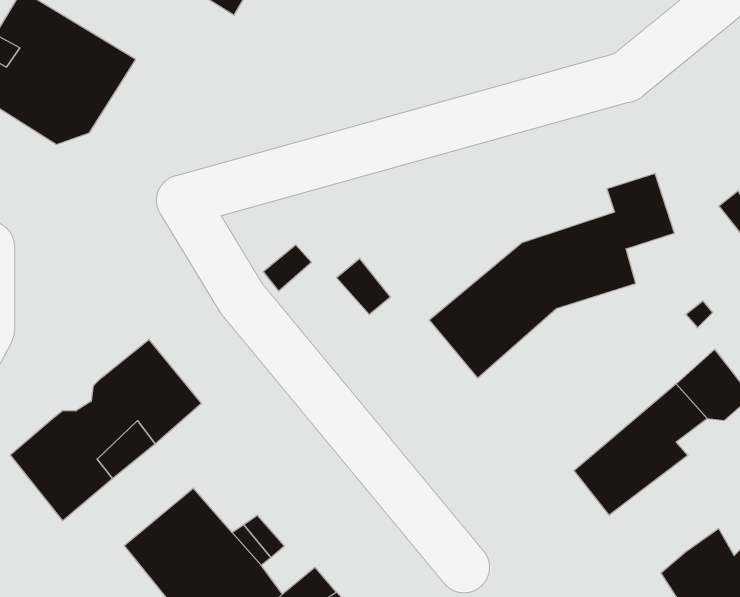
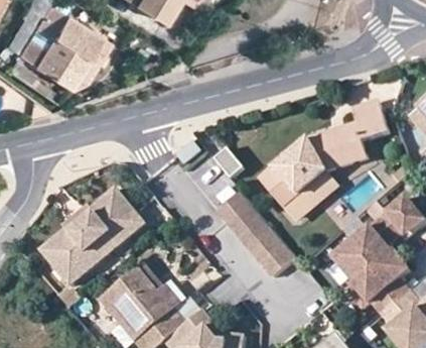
building: none -> [286,173,341,226]
building: none -> [220,193,297,276]
building: none -> [348,249,413,312]

